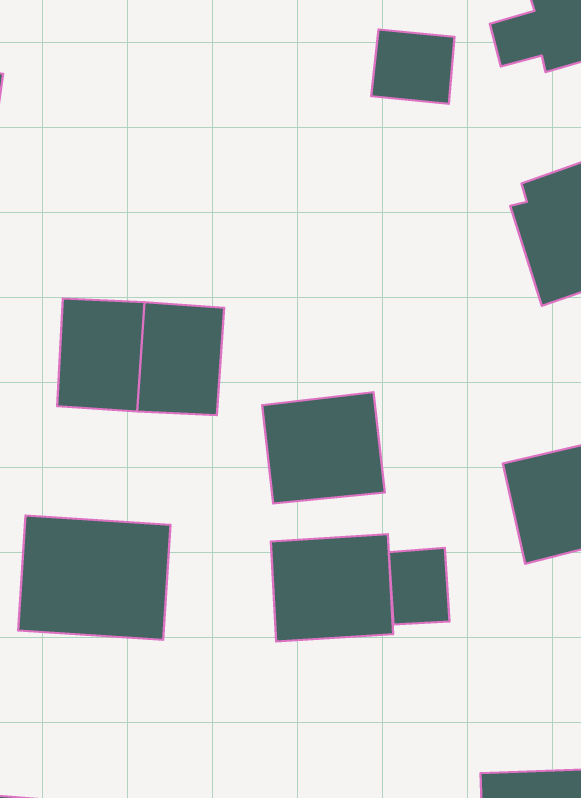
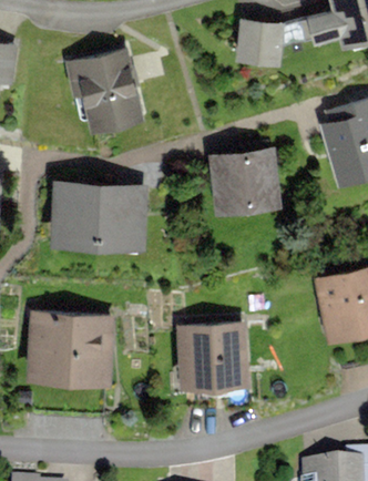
building: none -> [64,48,145,132]
building: [262,392,385,504] -> [209,149,283,215]
building: [389,548,450,624] -> none

